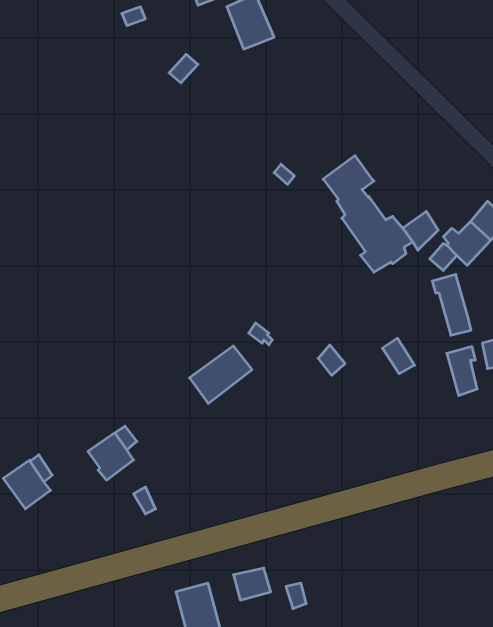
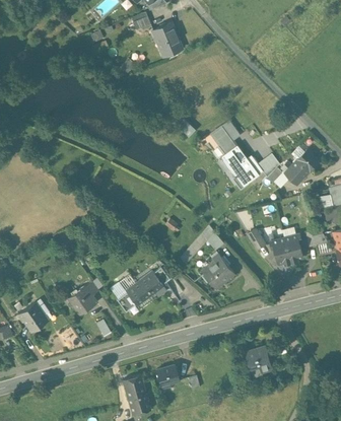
building: [432,274,471,335] -> [270,238,293,275]
building: [189,346,252,403] -> [125,272,162,306]
building: none -> [201,255,234,287]
building: none -> [246,348,272,373]

